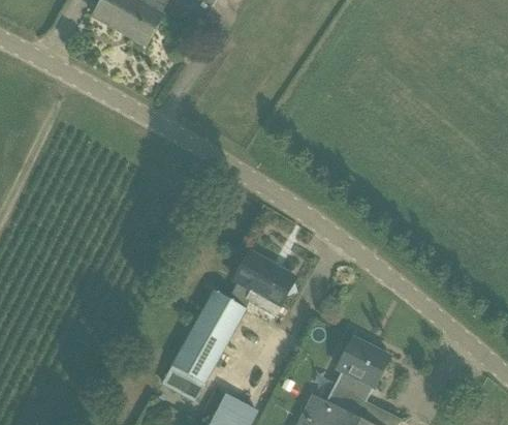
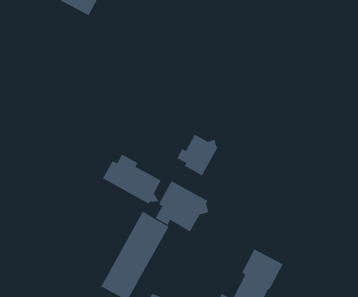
building: none -> [177,134,219,176]
building: none -> [102,154,162,204]

